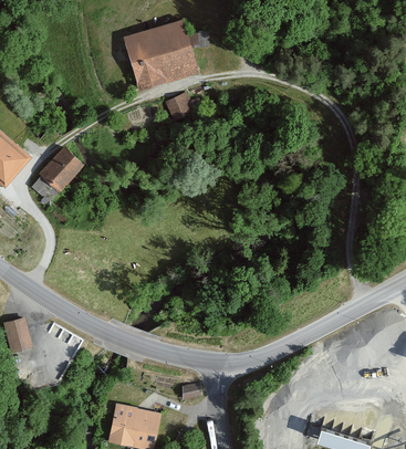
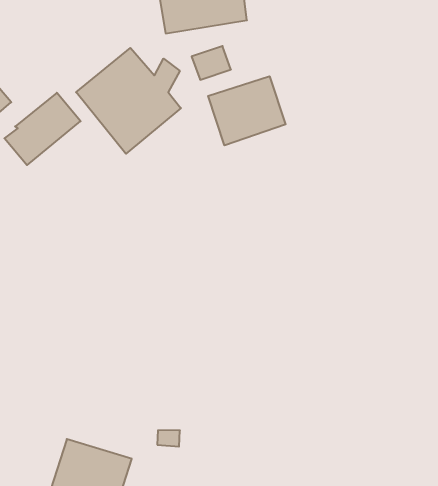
building: none -> [76,48,181,154]
building: none -> [208,76,286,145]

